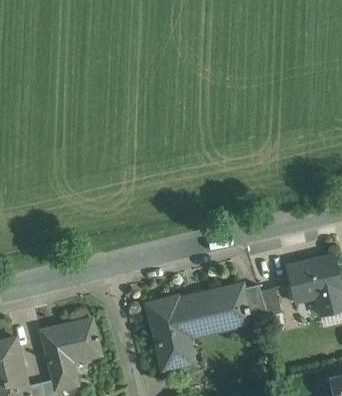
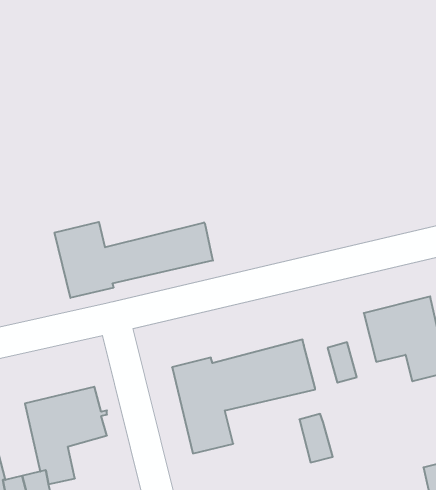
building: none -> [55,222,213,298]
building: [243,285,267,320] -> [299,414,333,462]

